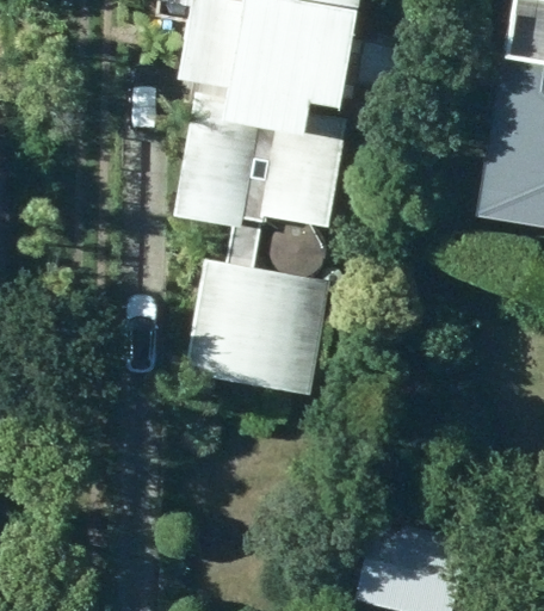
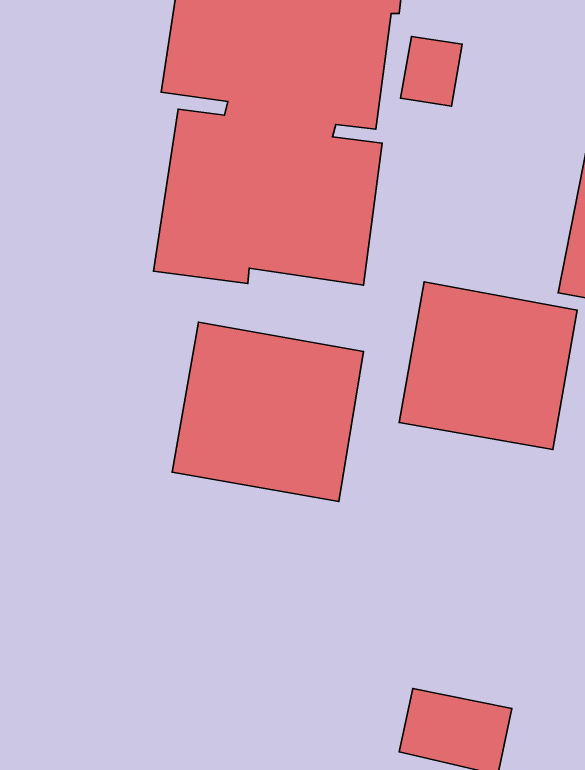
building: none -> [399,282,577,449]

